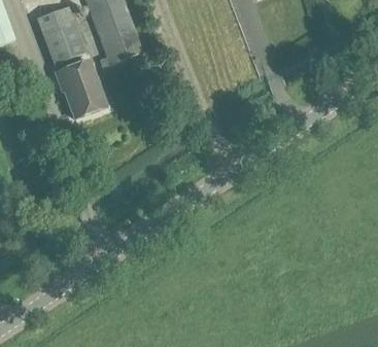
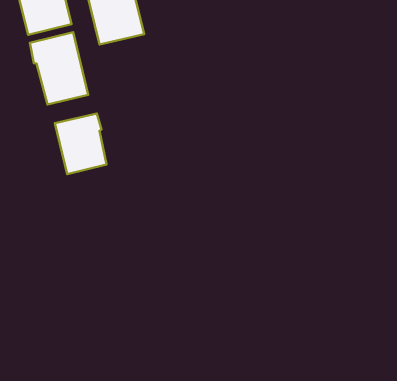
building: none -> [55,113,106,174]

